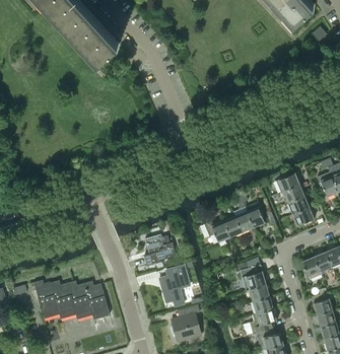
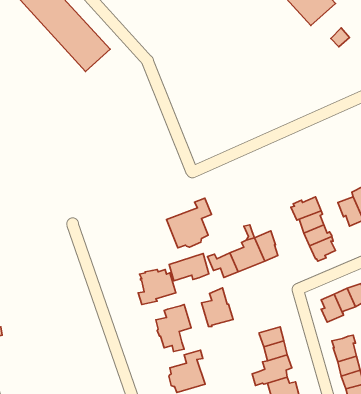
building: none -> [166,198,212,248]
building: none -> [169,254,209,281]
building: [240,258,267,291] -> [201,288,233,326]
building: [33,280,110,320] -> none

